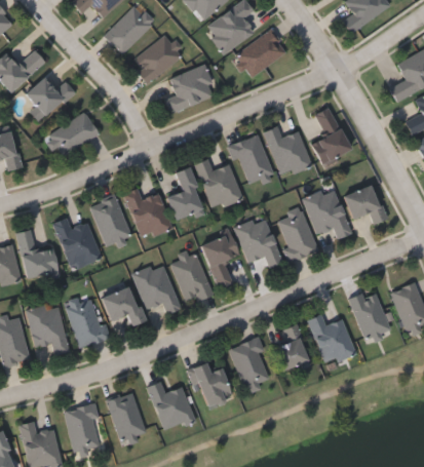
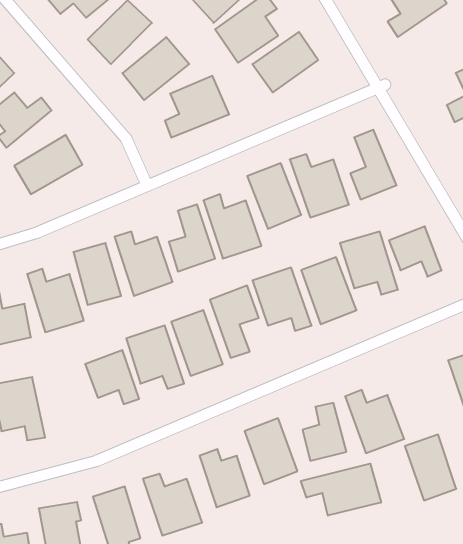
building: [349,290,390,343] -> [405,435,456,500]
building: [68,296,109,346] -> none
building: none -> [301,464,381,516]

